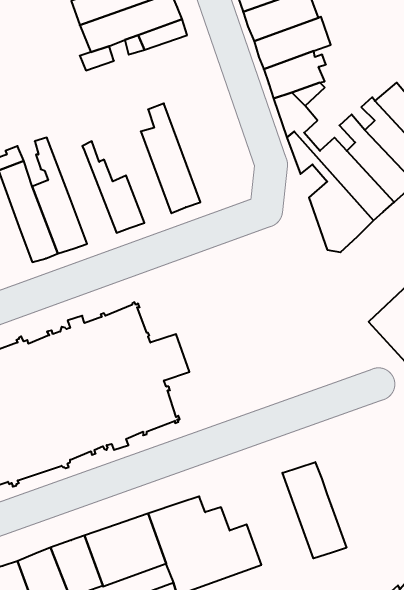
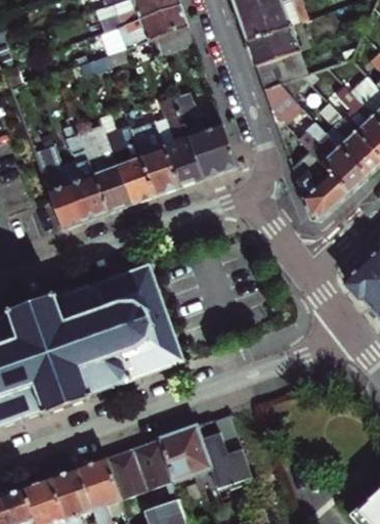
building: none -> [169,76,239,177]
building: none -> [130,118,179,194]
building: none -> [93,132,133,212]
building: [282,462,346,558] -> none

